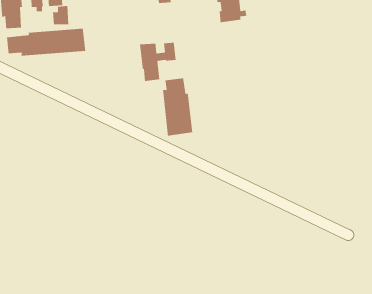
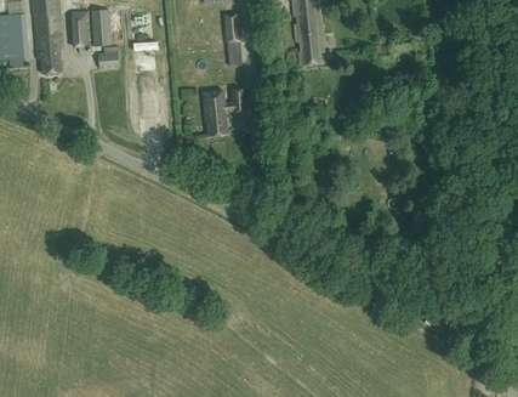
building: [6,28,86,57] -> none
building: [162,77,193,136] -> none

